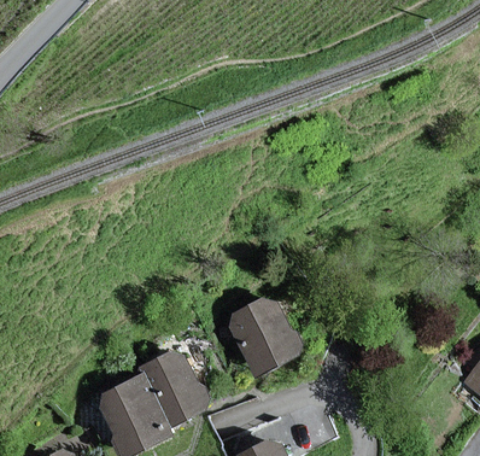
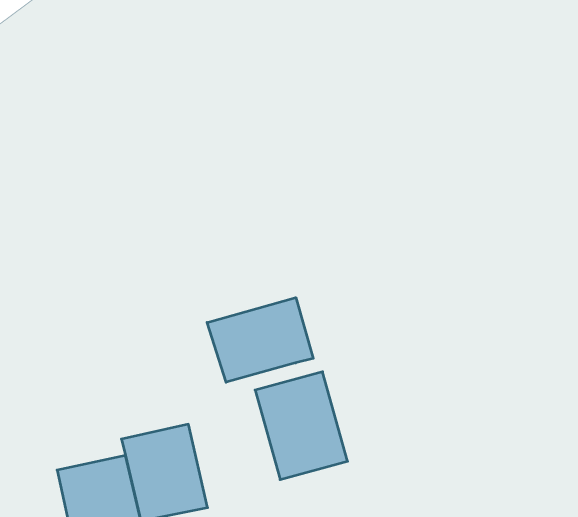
building: none -> [207,298,313,382]

